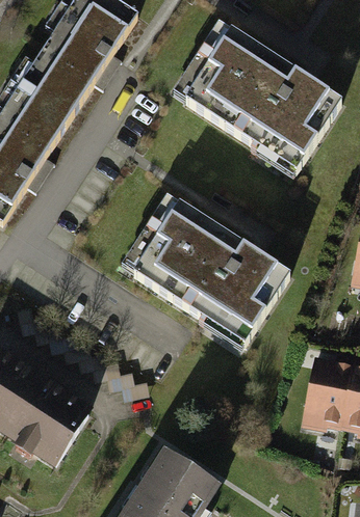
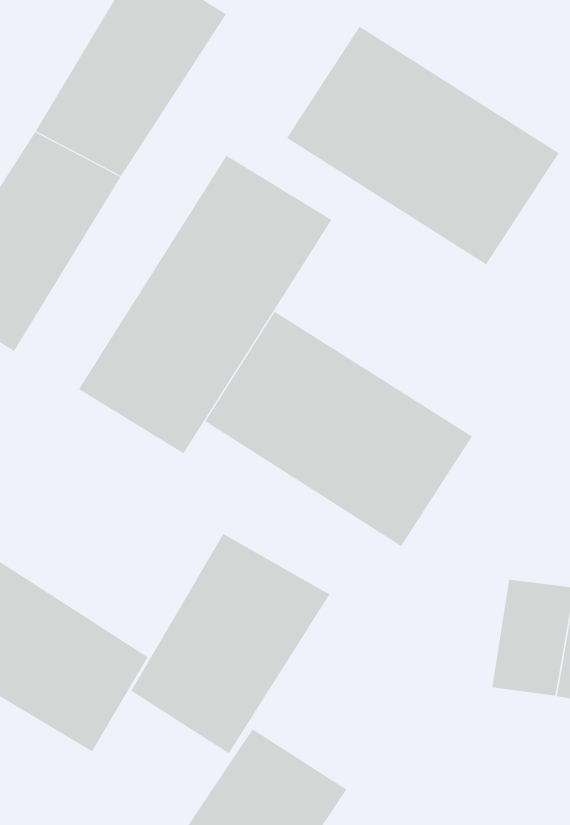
building: none -> [78,155,332,454]
building: none -> [130,533,330,754]

